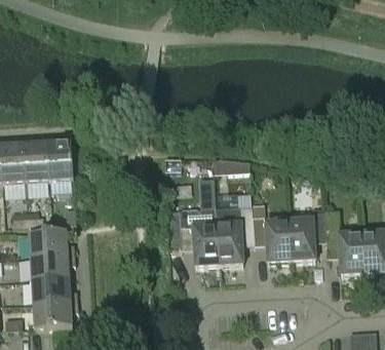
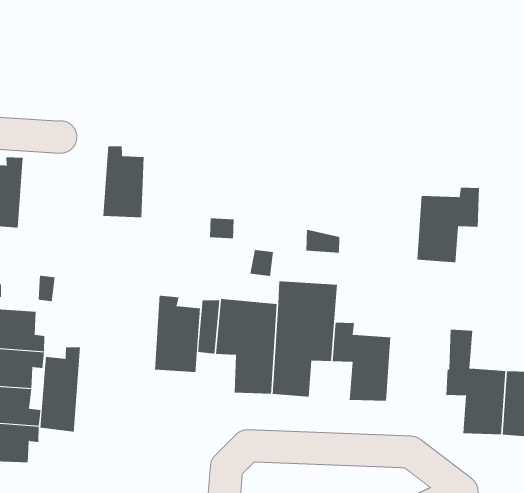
building: [47,137,74,182] -> [103,146,144,218]
building: none -> [154,295,200,373]
building: [288,212,326,262] -> [417,187,480,263]
building: none -> [40,346,81,433]

